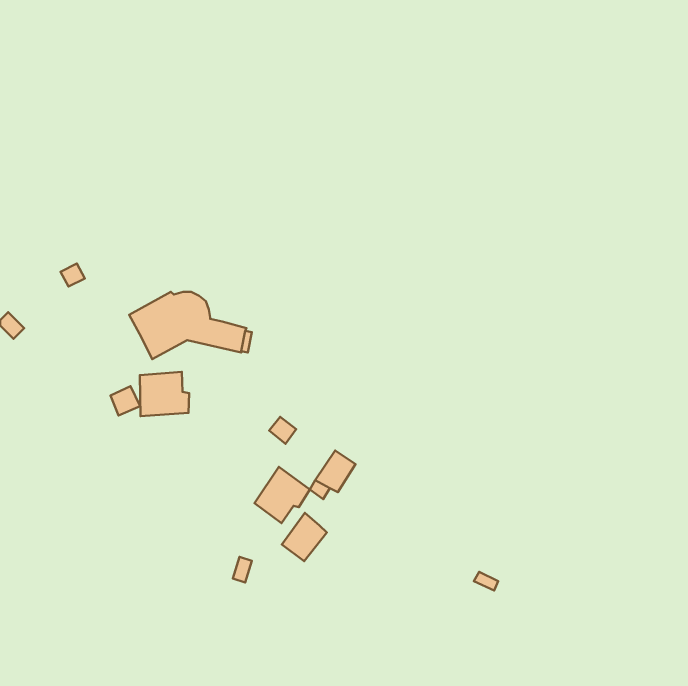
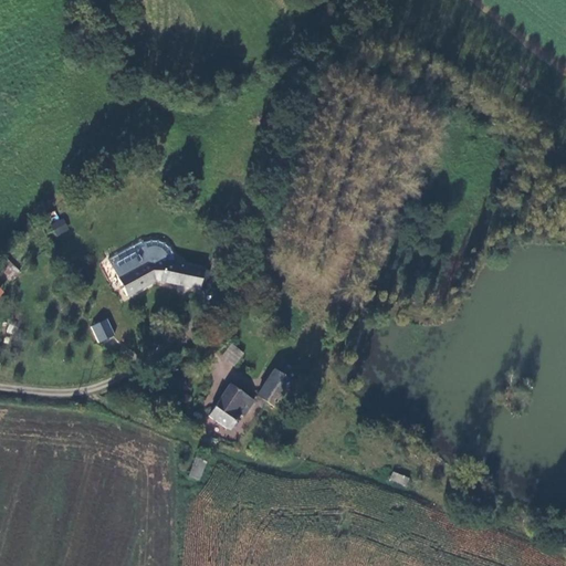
building: [140,372,189,416] -> none
building: [282,513,327,561] -> none

